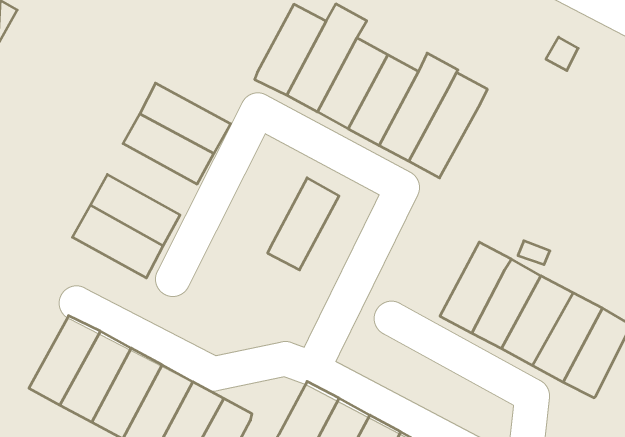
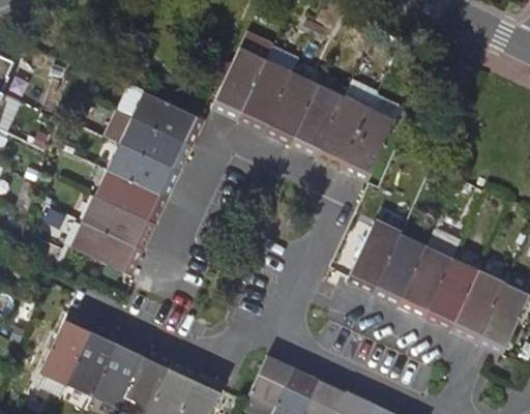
building: none -> [130,90,206,146]
building: none -> [95,167,169,223]
building: [268,178,339,270] -> [346,218,402,294]

